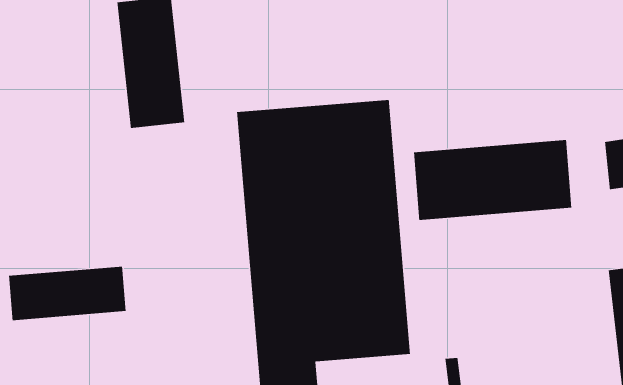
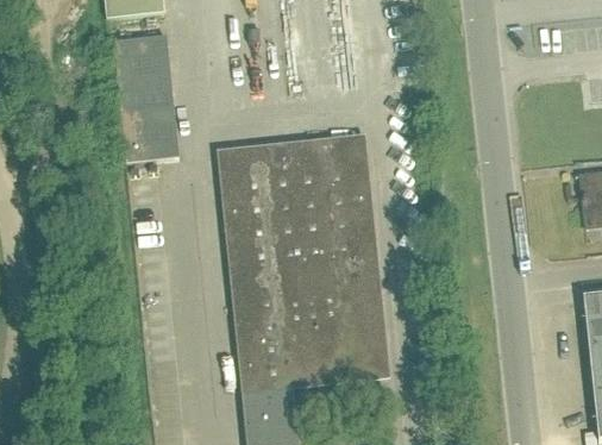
building: [413,139,572,221] -> none
building: [8,266,126,321] -> none

